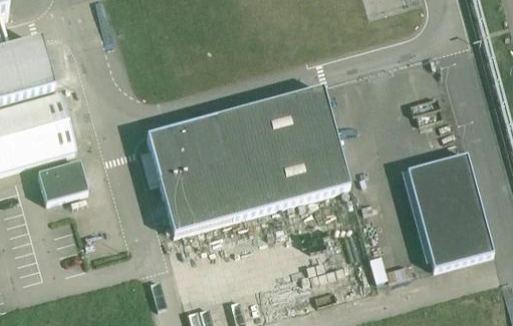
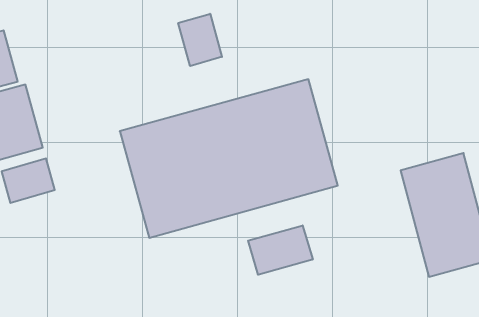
building: none -> [178,14,222,66]
building: none -> [248,225,313,275]

